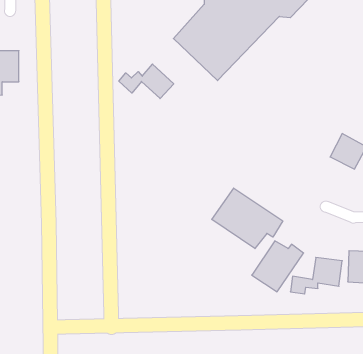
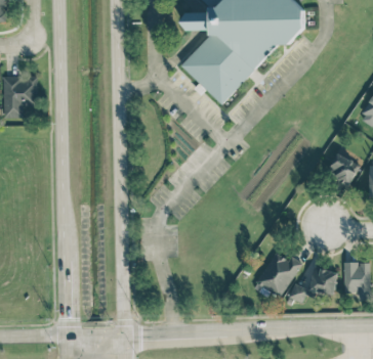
building: [119,64,174,99] -> none
building: [212,188,283,249] -> none

